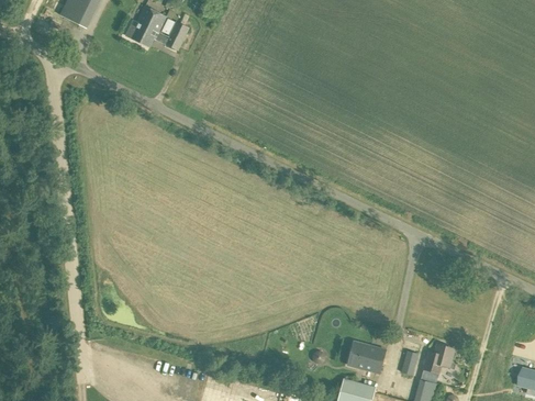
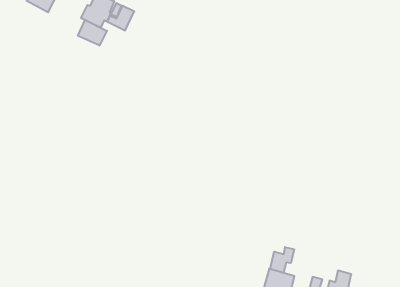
building: none -> [78,20,107,46]
building: none -> [270,247,294,273]

